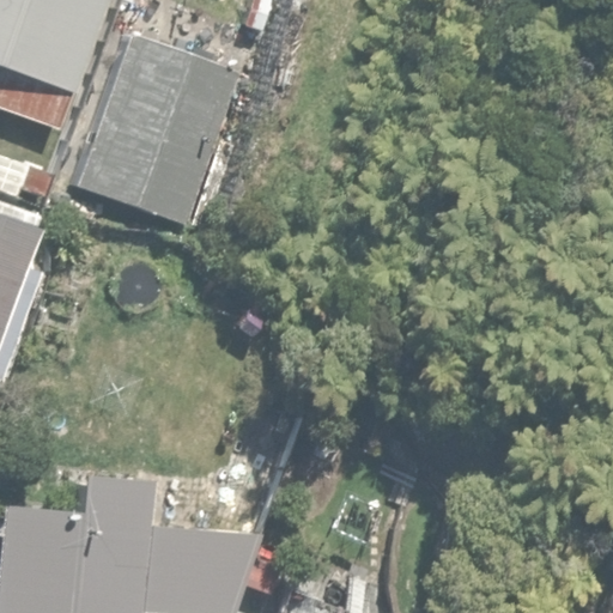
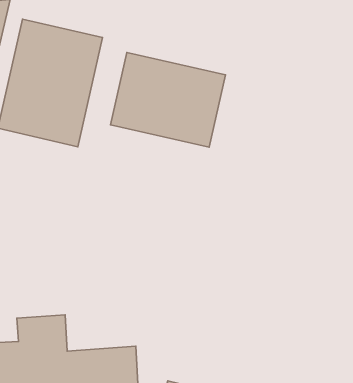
building: none -> [110,52,225,147]

